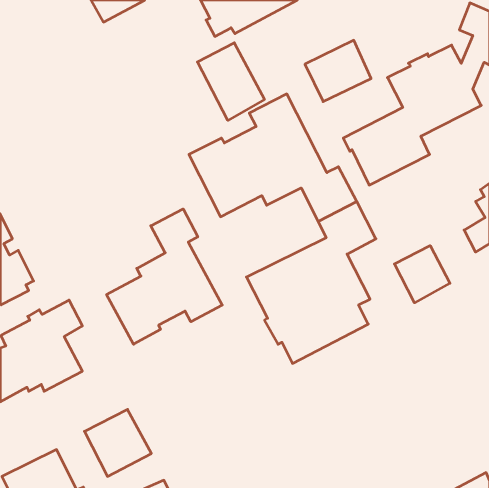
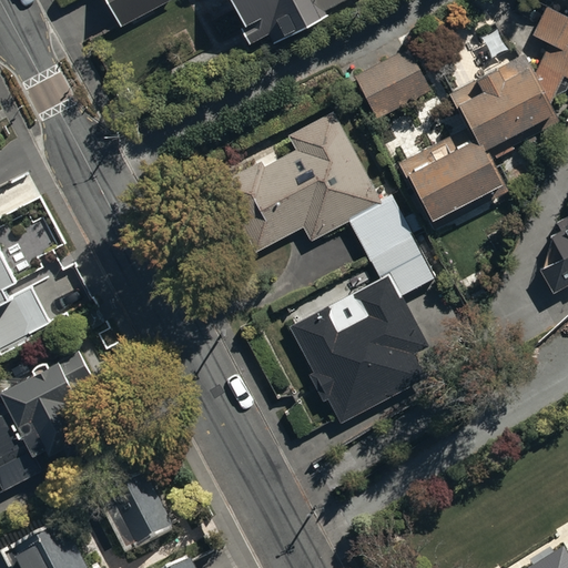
building: [197,43,264,120] -> none
building: [107,209,222,344] -> none
building: [394,246,450,303] -> none

